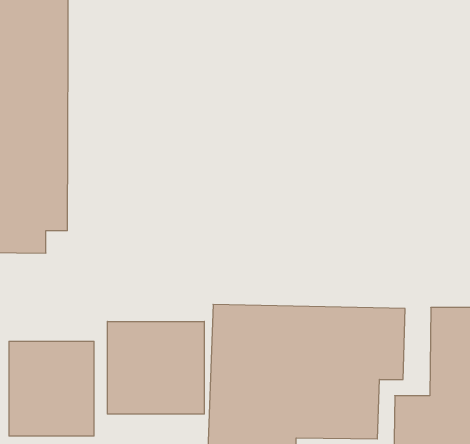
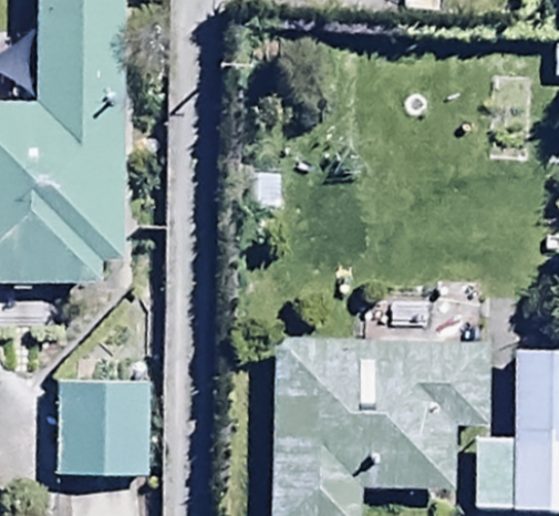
building: [107,321,204,414] -> none

